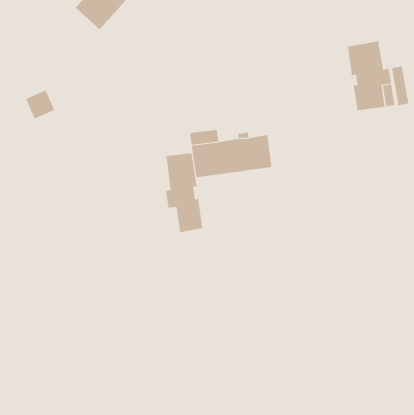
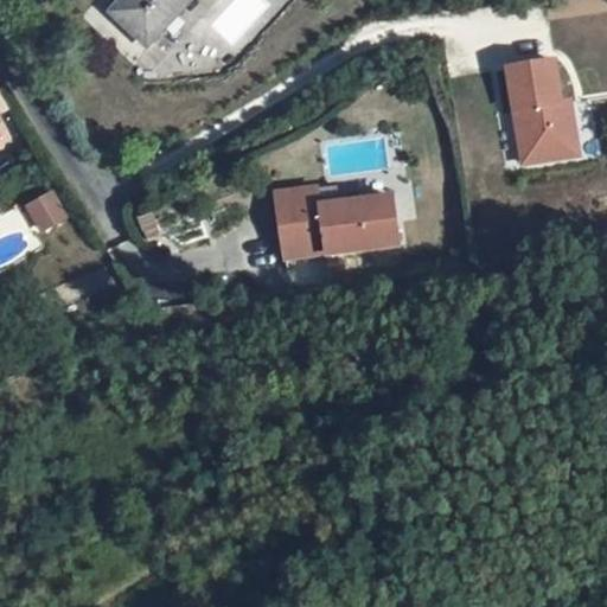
building: [25,90,55,119] -> [20,190,64,232]
building: [166,152,203,233] -> none

